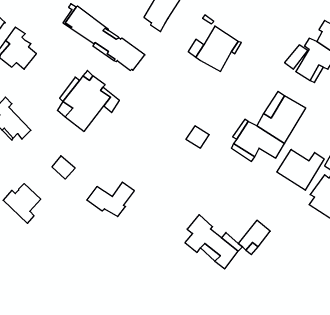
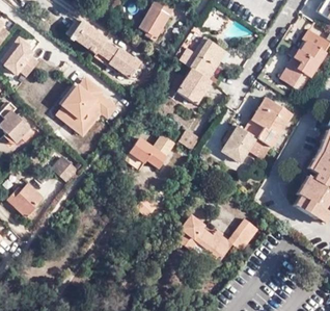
building: none -> [177,68,212,103]
building: [277,149,324,190] -> none
building: [87,182,134,217] -> [129,134,173,166]

